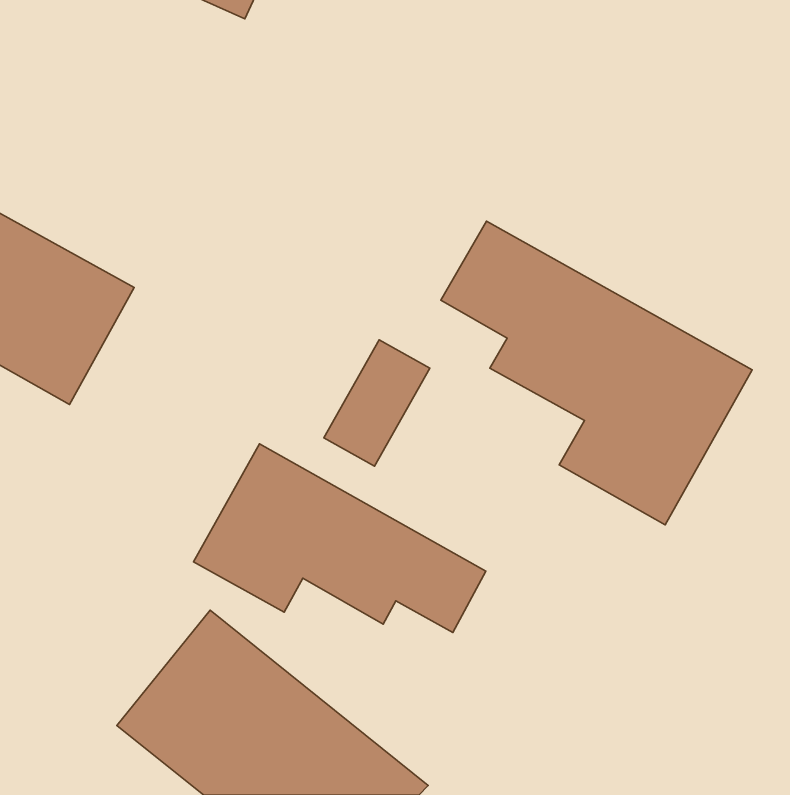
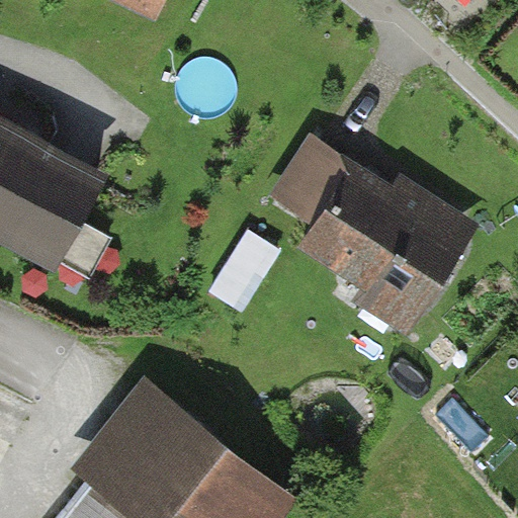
building: [193,444,486,632] -> none

